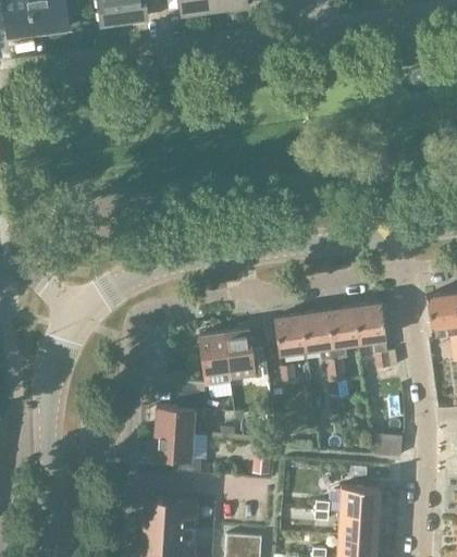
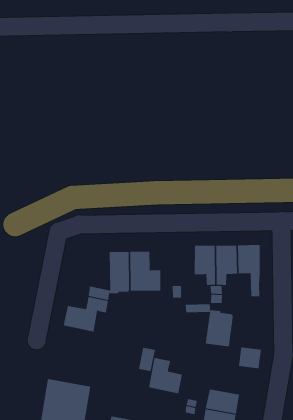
building: [274,314,306,354] -> none
building: none -> [185,304,233,347]
building: [153,432,202,474] -> none
building: none -> [148,357,183,394]

